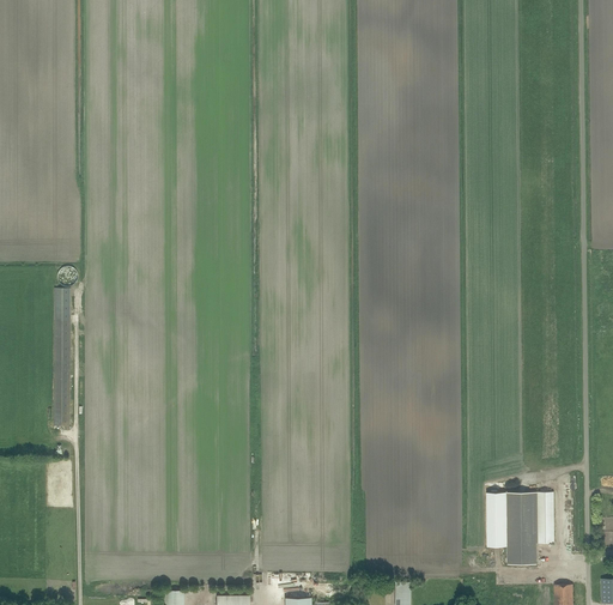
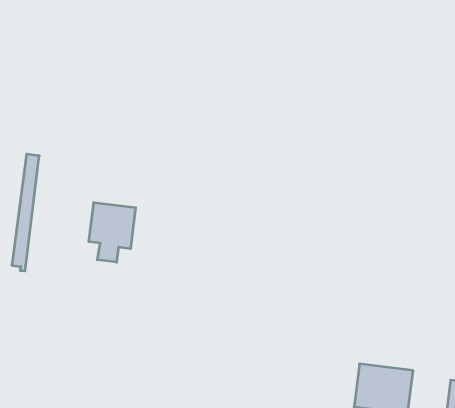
building: none -> [89,202,136,262]

